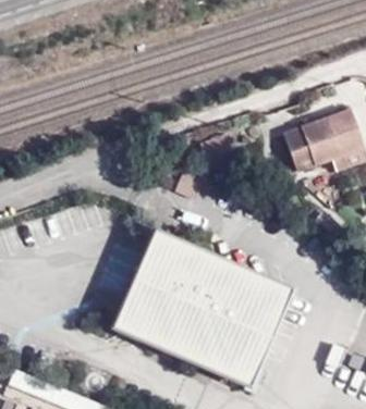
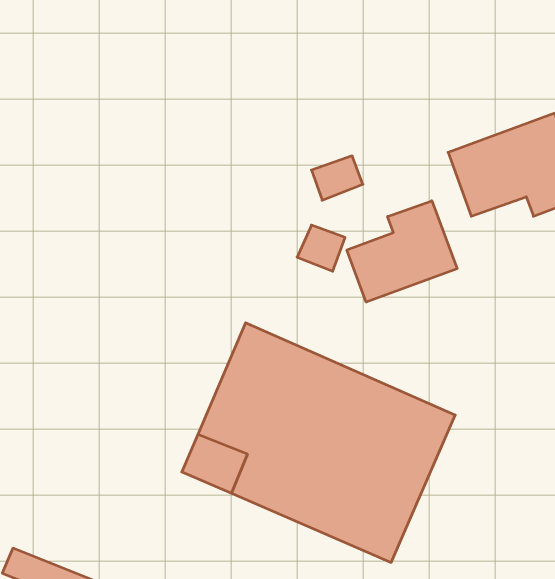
building: none -> [347,201,457,302]

